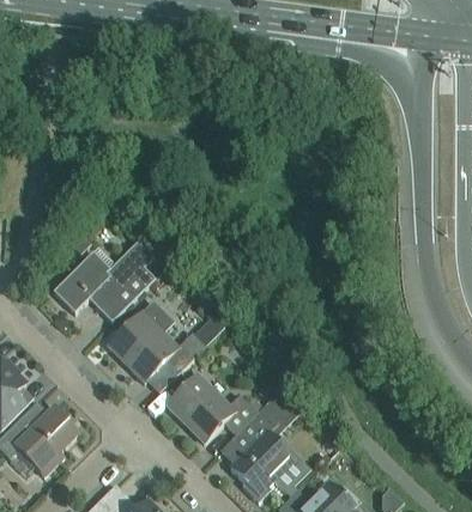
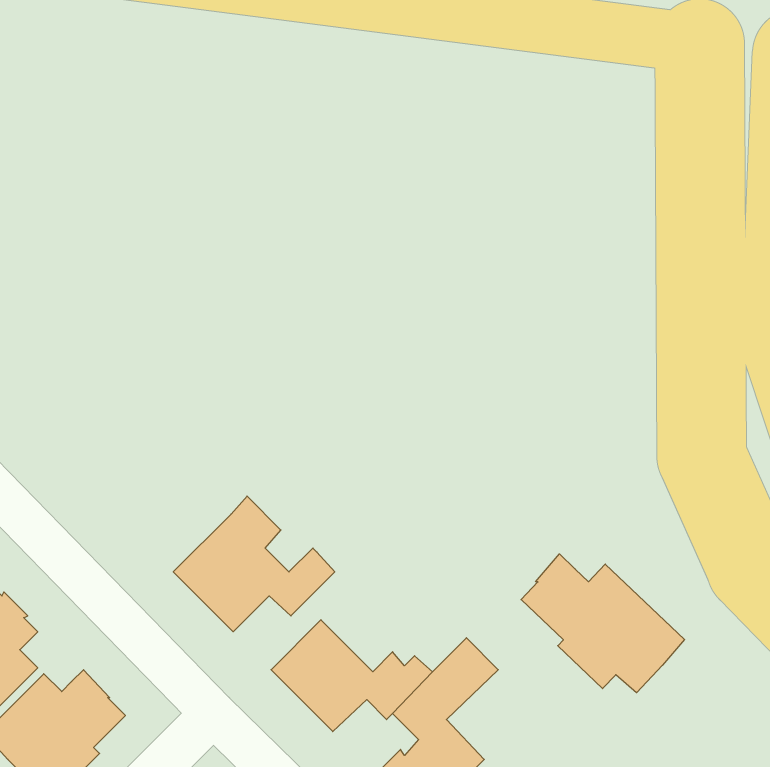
building: [53,240,155,321] -> none
building: none -> [521,554,685,693]

